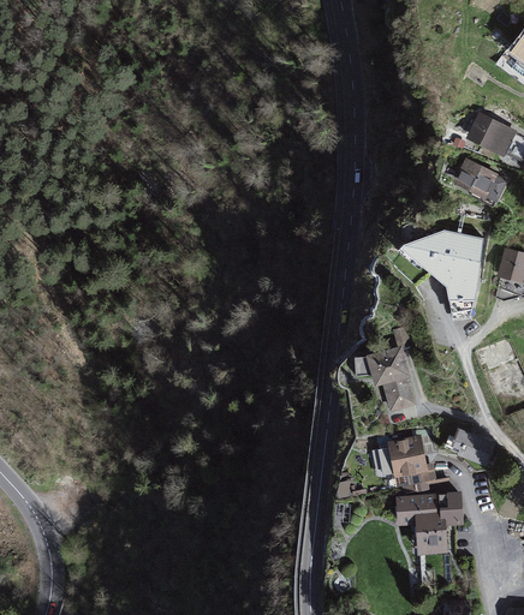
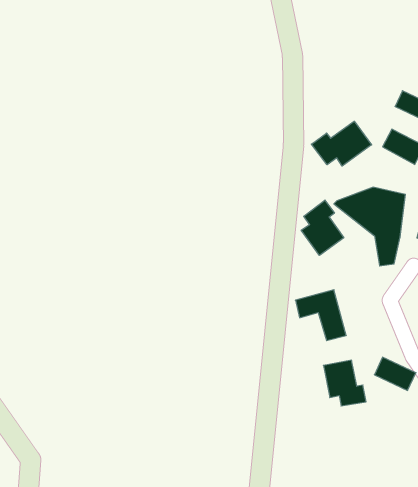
building: none -> [311,121,372,166]
building: none -> [301,200,344,255]
building: [397,490,464,551] -> none

